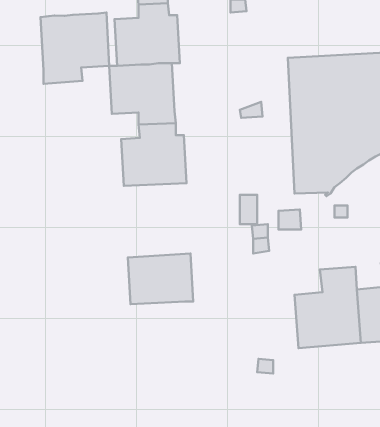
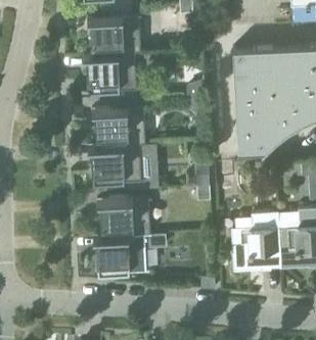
building: [41,13,109,84] -> none
building: none -> [92,145,157,185]
building: none -> [97,237,147,276]

